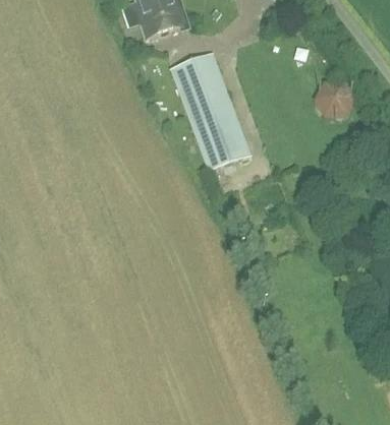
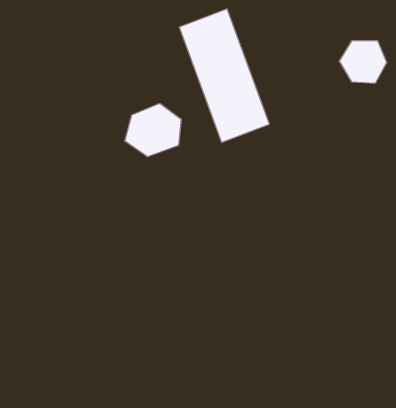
building: none -> [125,103,181,157]

